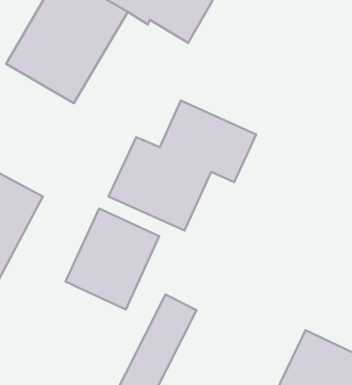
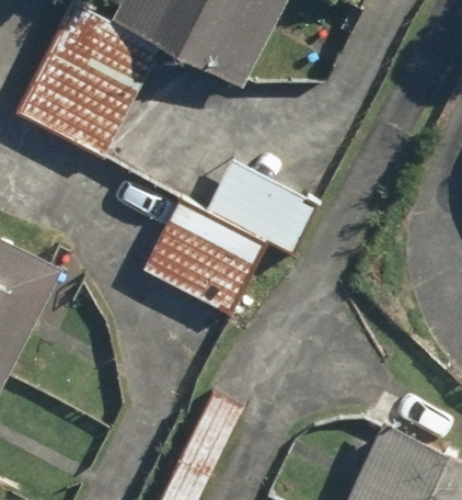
building: [65,209,159,310] -> none

